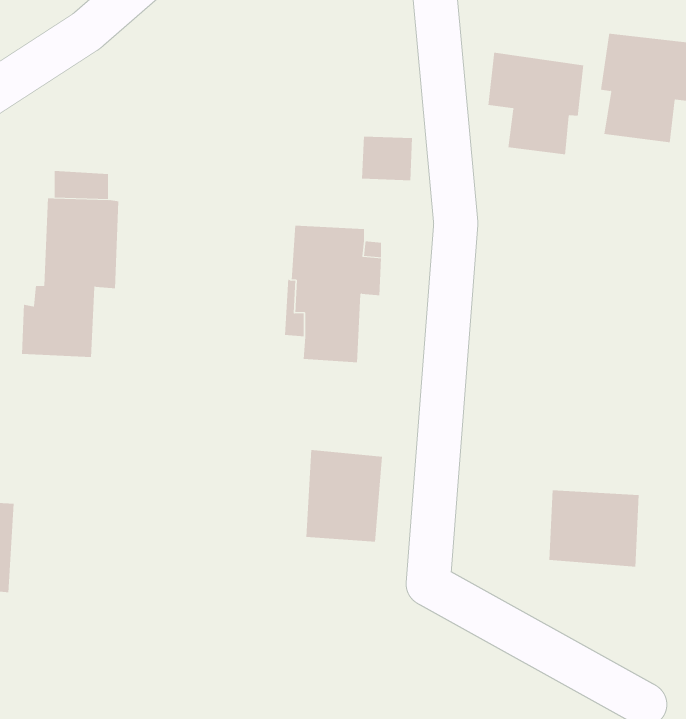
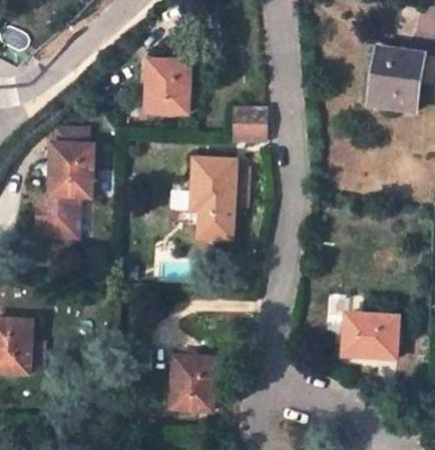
building: [488,52,584,155] -> none
building: none -> [146,60,189,112]
building: [305,450,383,542] -> [170,355,215,409]

